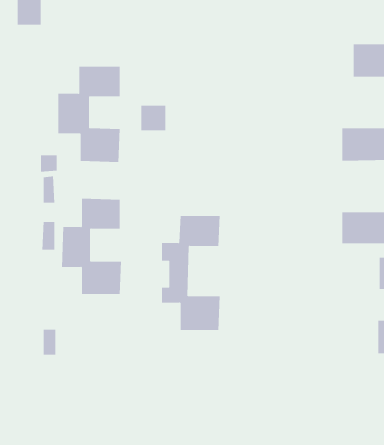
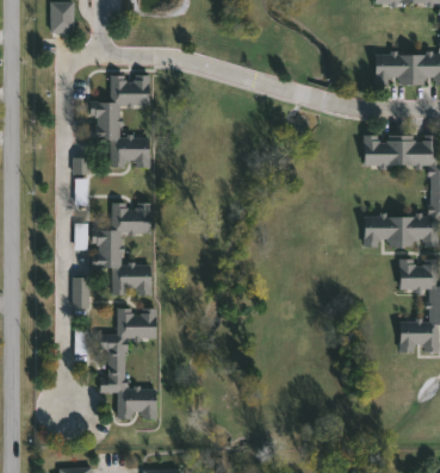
building: [141,105,166,131] -> none
building: [161,215,220,330] -> [100,309,157,419]
building: none -> [72,280,88,312]

